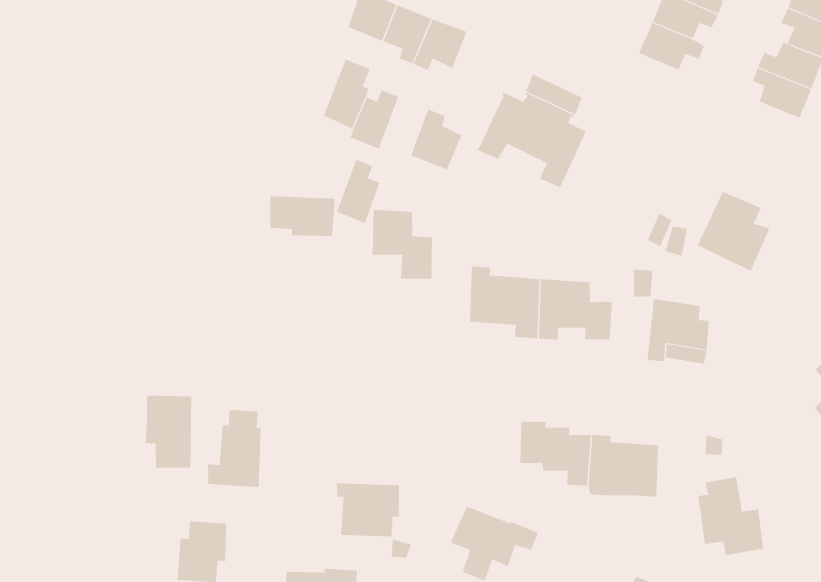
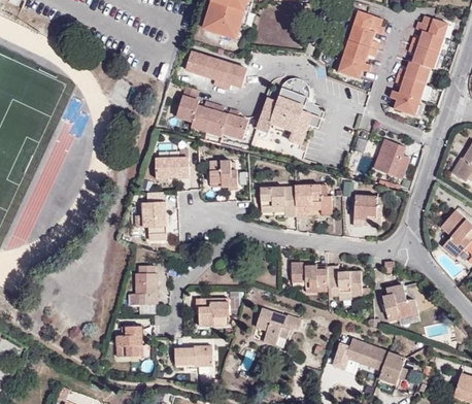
building: none -> [392,89,423,113]
building: [336,159,380,224] -> [207,101,229,134]
building: [145,395,192,468] -> [139,202,165,240]

